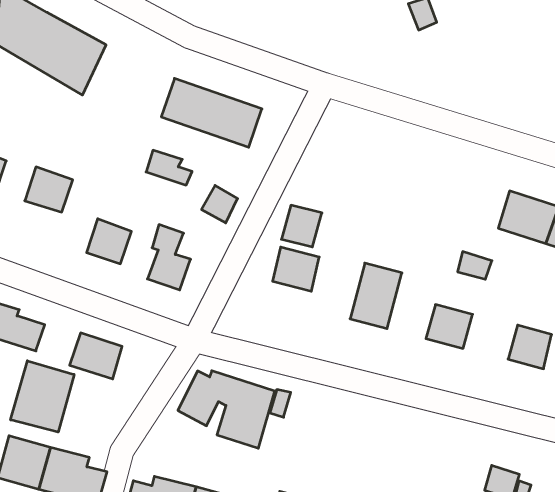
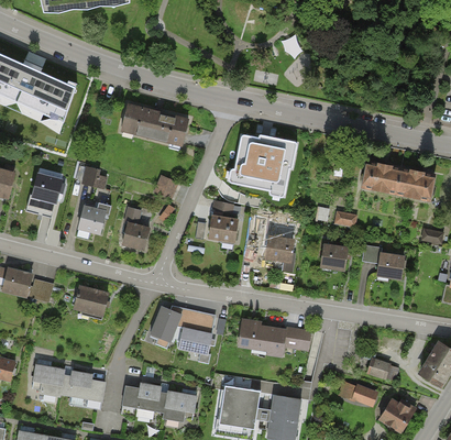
building: none -> [232,133,295,191]
building: [146,150,192,185] -> [76,166,108,188]
building: [11,361,74,432] -> none
building: none -> [239,319,311,356]

